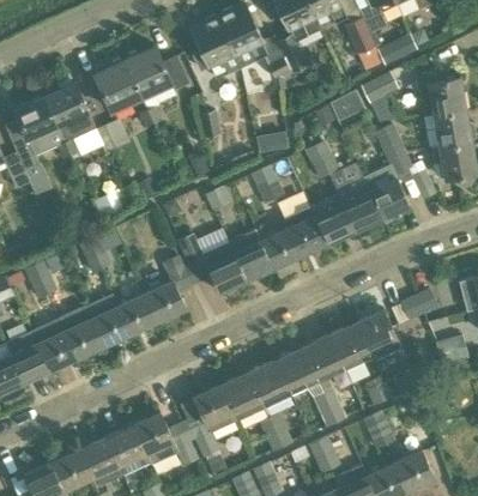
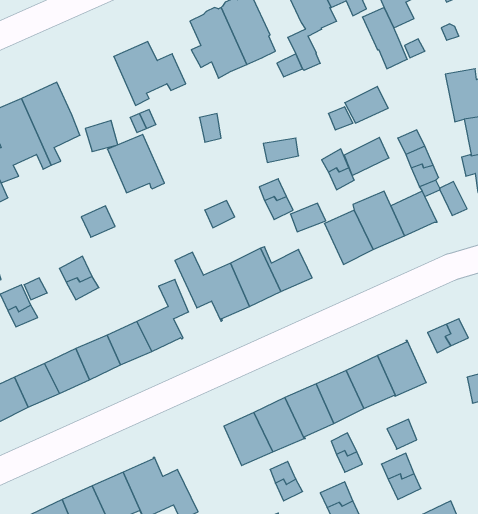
building: [93,60,144,111] -> [107,134,164,193]
building: [363,73,403,107] -> [344,137,389,176]
building: [283,207,327,255] -> none
building: [188,386,237,456] -> none

